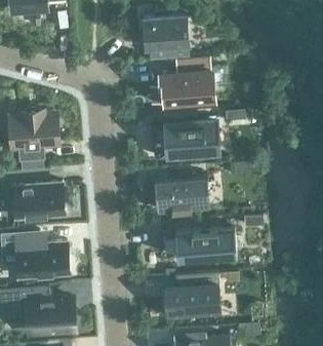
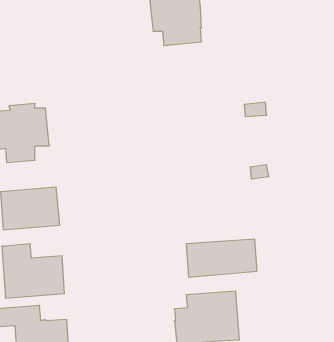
building: [160,57,213,104] -> none
building: [151,121,216,158] -> none
building: [156,171,207,215] -> none

